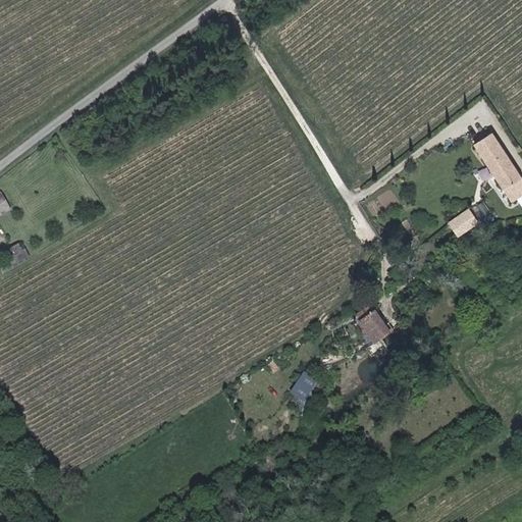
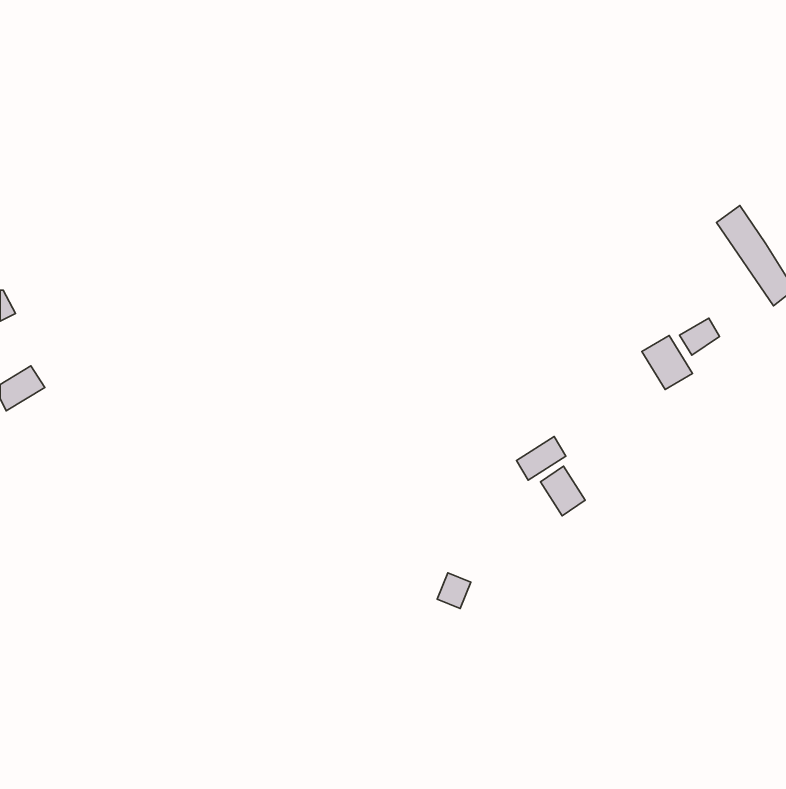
building: none -> [642,335,693,389]
building: none -> [517,437,566,480]

